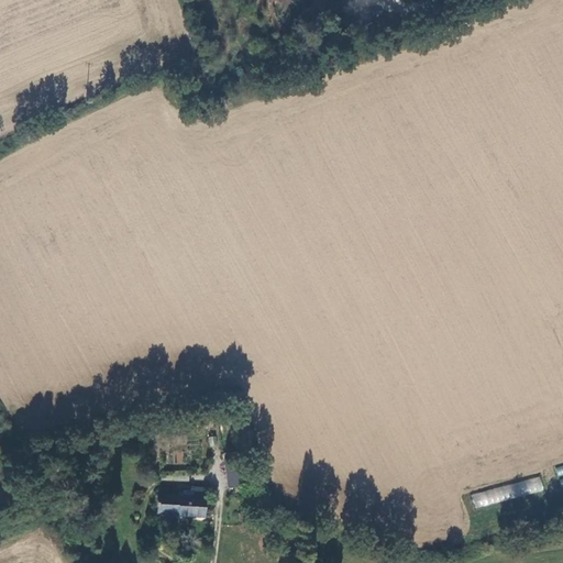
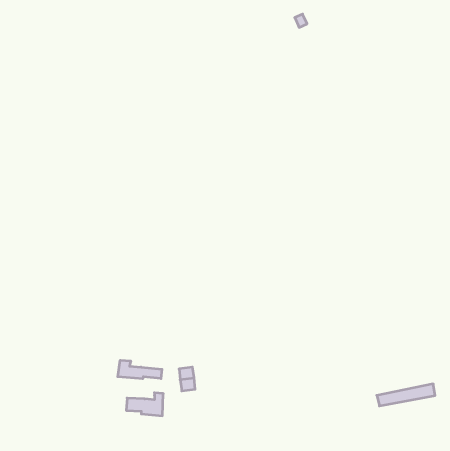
building: none -> [118,360,162,379]

